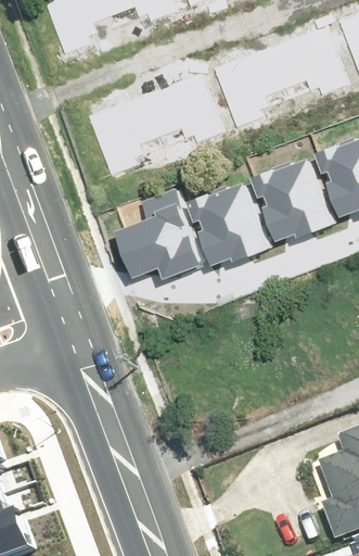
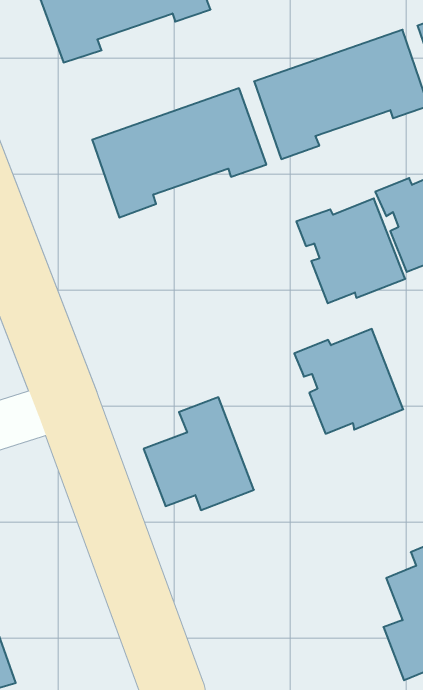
building: [184,181,271,265] -> [294,329,403,434]
building: [115,191,203,281] -> [144,397,254,510]

